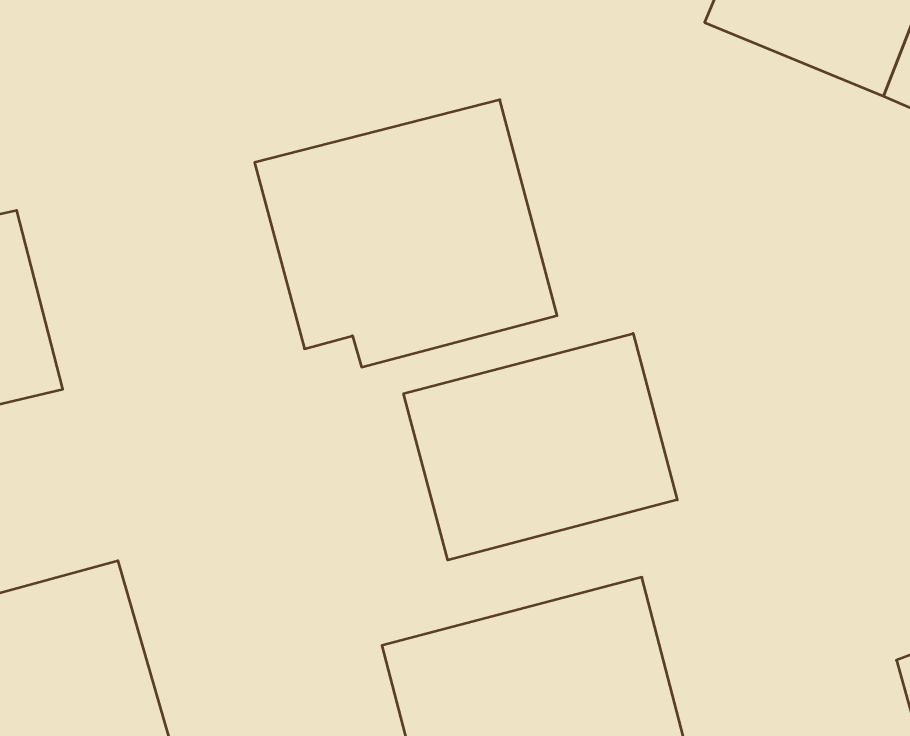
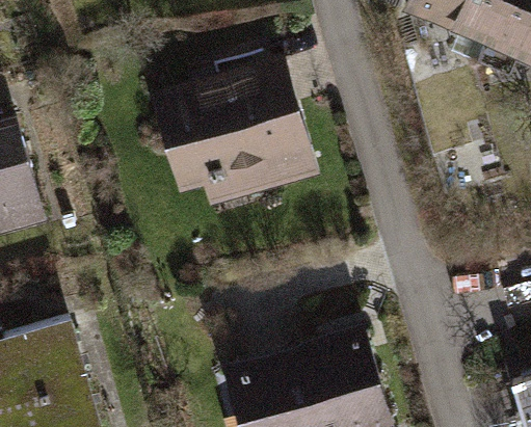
building: [404,333,677,560] -> none

